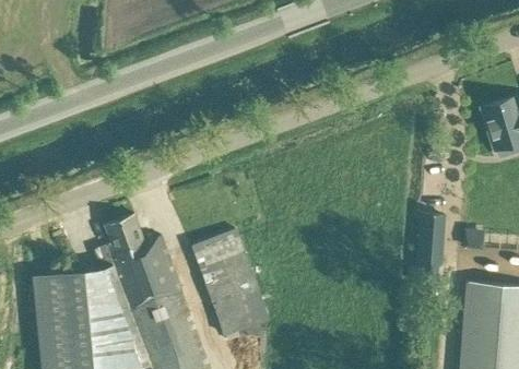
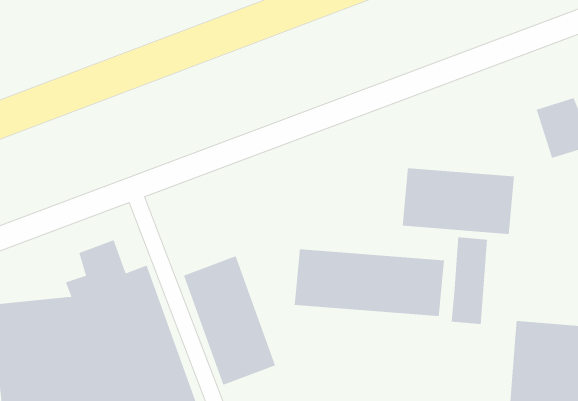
building: none -> [402,167,514,235]
building: none -> [294,248,444,317]

